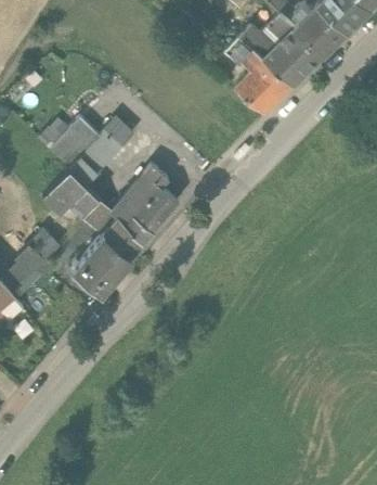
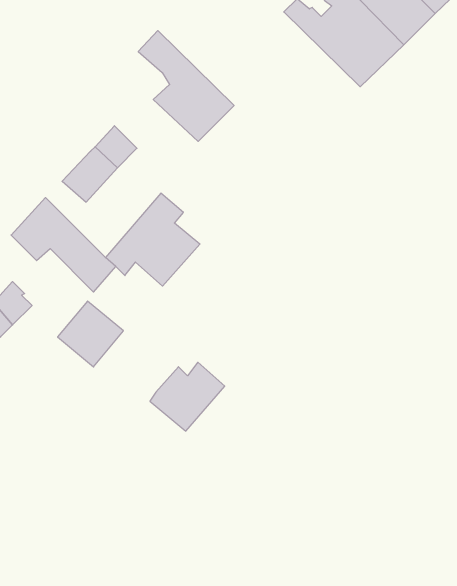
building: [225,35,295,115] -> [138,31,234,141]
building: [51,118,100,168] -> none
building: [98,216,152,266] -> [150,362,225,431]

